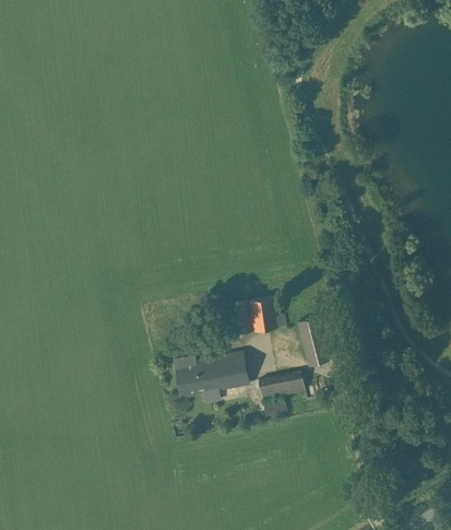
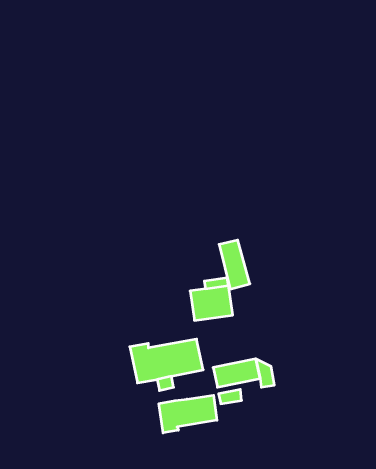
building: [297,317,328,366] -> [219,240,250,289]
building: none -> [159,395,217,433]

